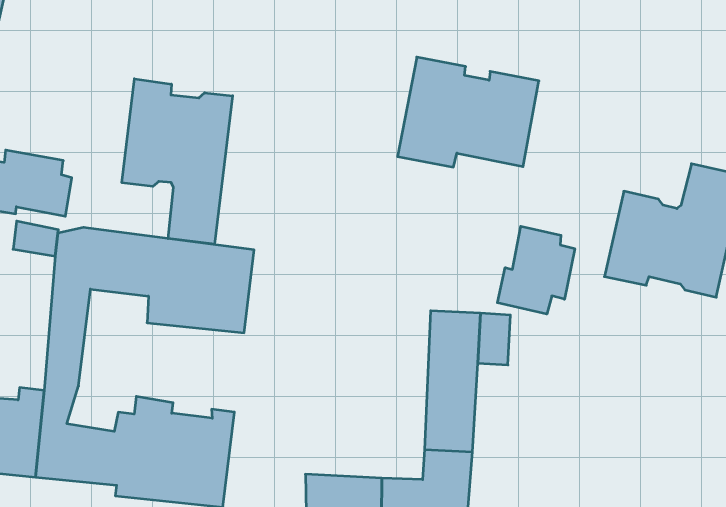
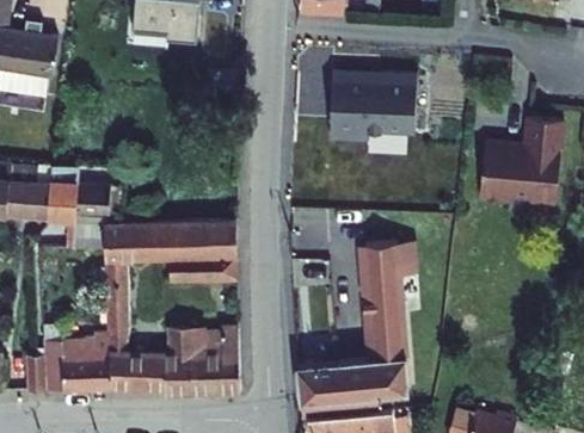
building: [122,79,233,244] -> none
building: [497,226,575,314] -> none

